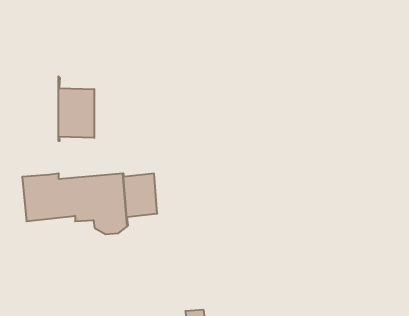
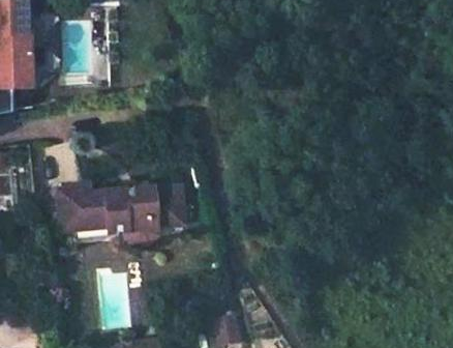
building: [58,76,94,141] -> none

